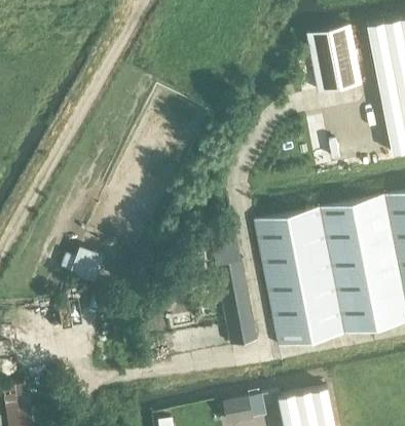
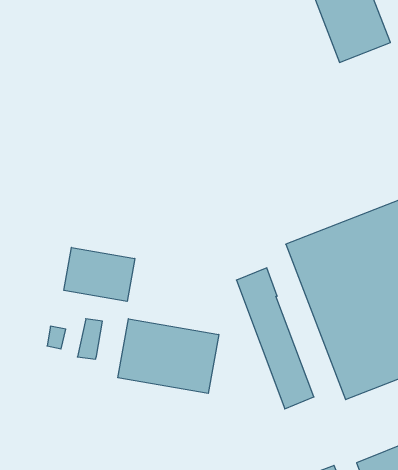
building: none -> [64,247,135,301]
building: none -> [118,319,219,393]

